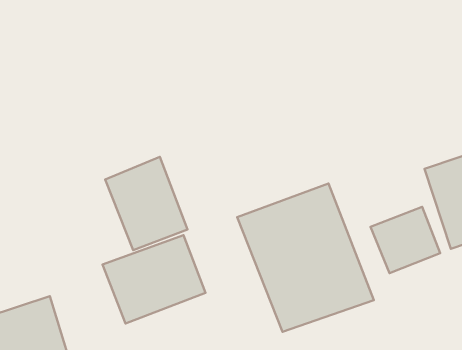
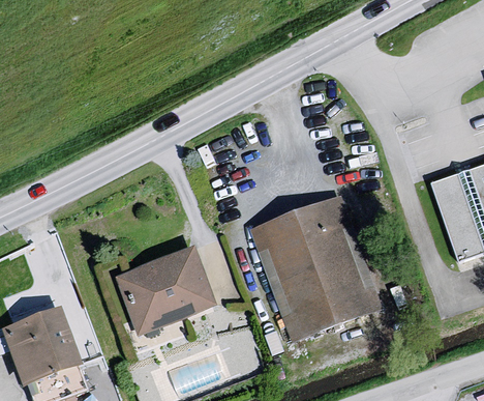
building: [105,157,187,250] -> none
building: [371,207,440,273] -> none

